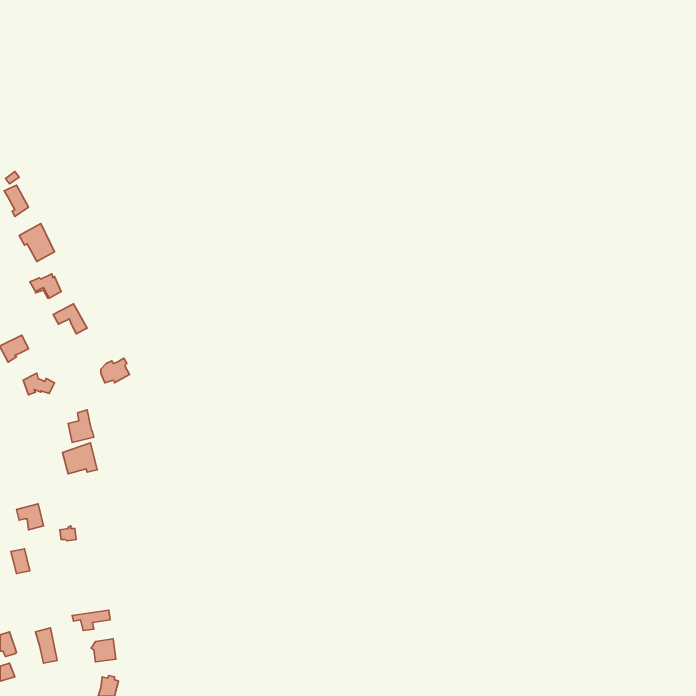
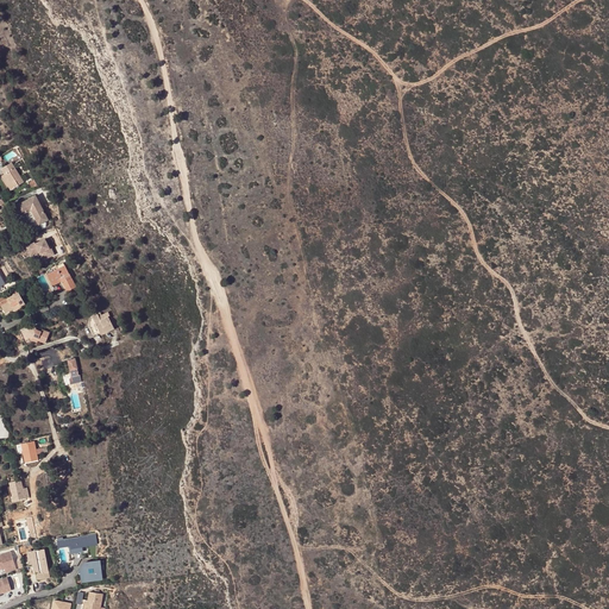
building: [62,443,97,474] -> none

